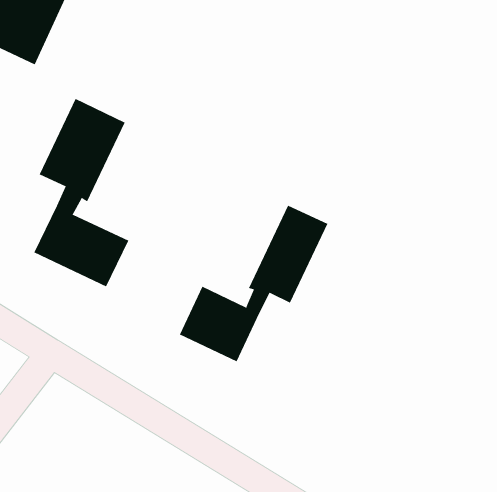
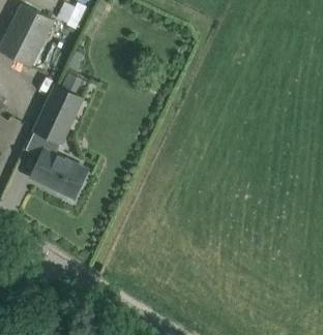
building: [179,205,328,362] -> none

